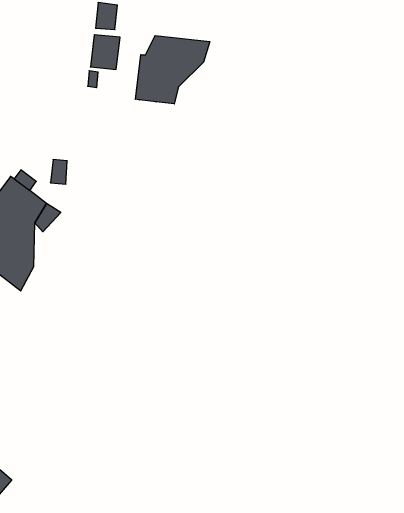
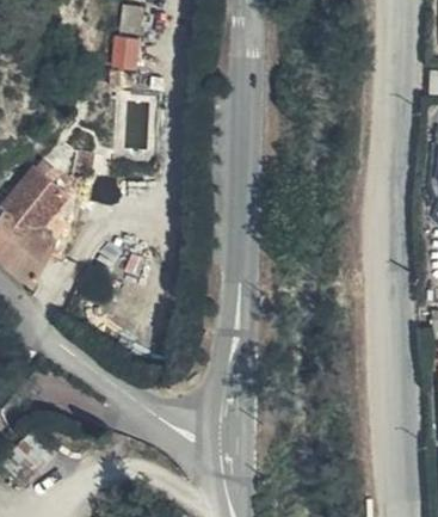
building: [135,36,210,104] -> none

